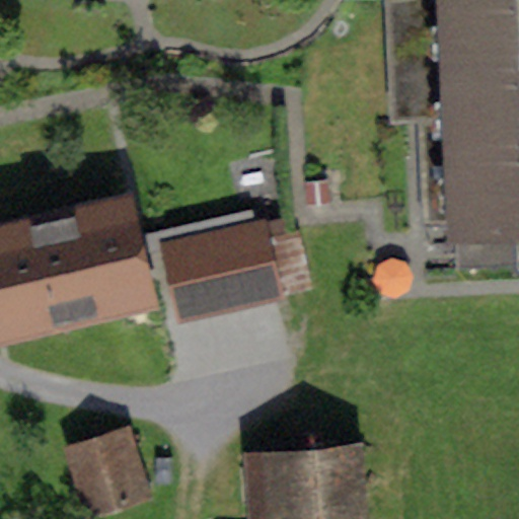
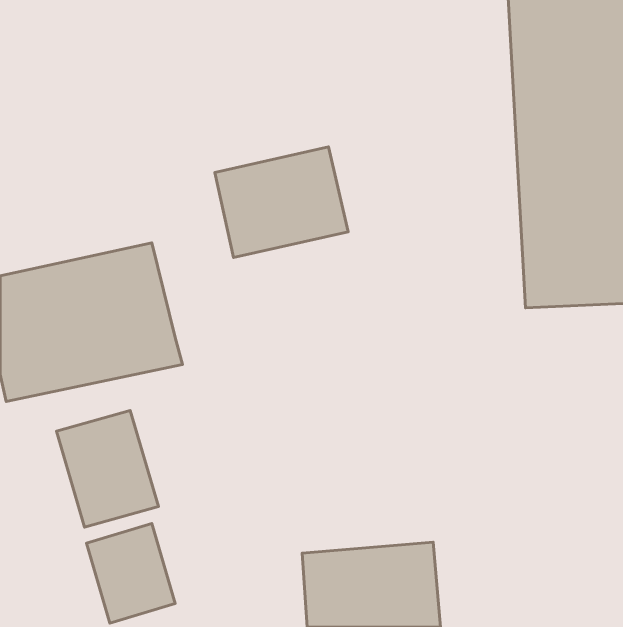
building: [173,222,283,313] -> [215,147,348,258]
building: none -> [56,410,158,527]

